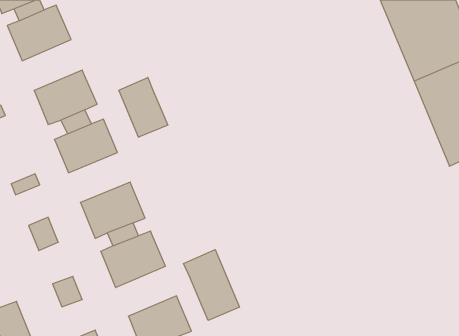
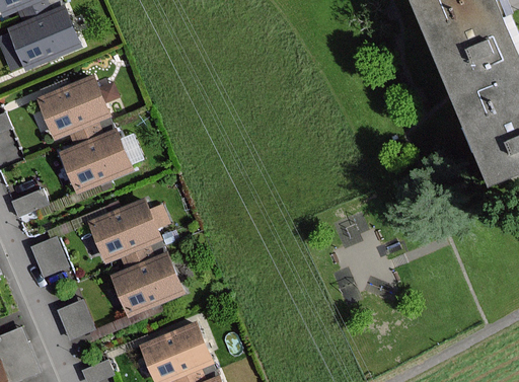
building: [119,77,168,137] -> none
building: [184,250,239,320] -> none

